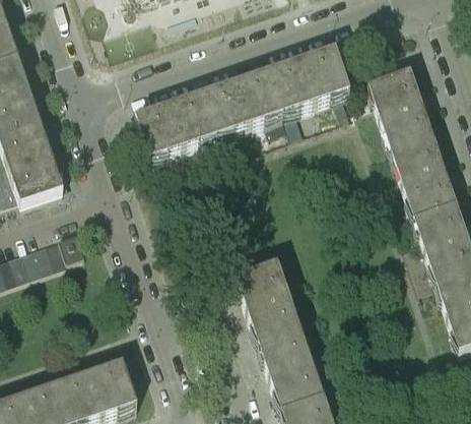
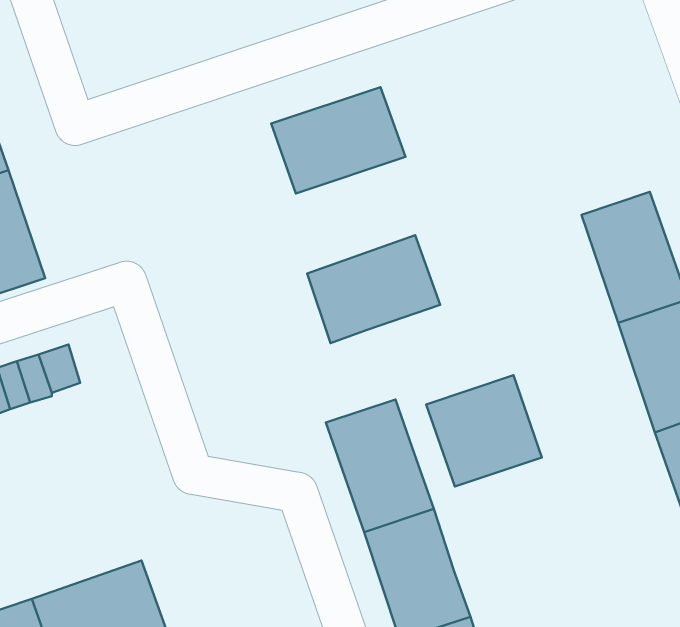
building: [268,48,349,114] -> none
building: [367,68,432,149] -> none
building: [135,94,216,160] -> [307,235,440,343]
building: none -> [426,375,542,486]

